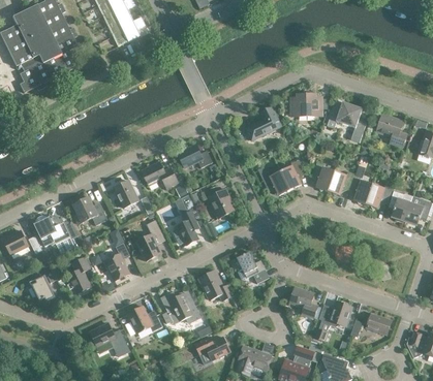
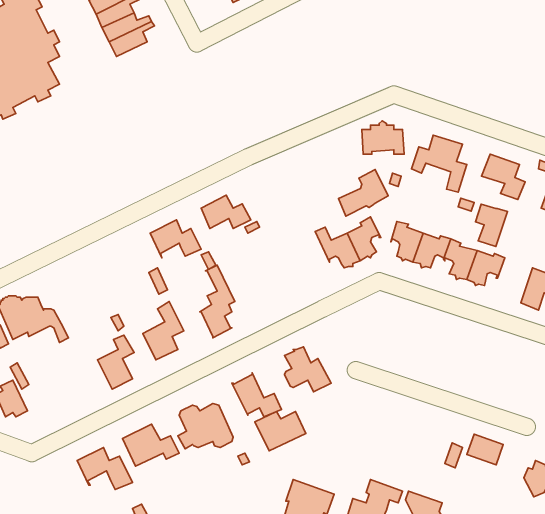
building: [245,106,280,139] -> [339,169,388,216]
building: [113,180,137,208] -> none
building: [199,184,234,221] -> none
building: [389,190,411,220] -> [475,204,507,247]
building: [72,196,106,225] -> none
building: [66,256,90,293] -> none
building: [287,286,317,317] -> none
building: [314,300,353,340] -> none
building: [193,336,229,363] -> [255,411,306,451]

